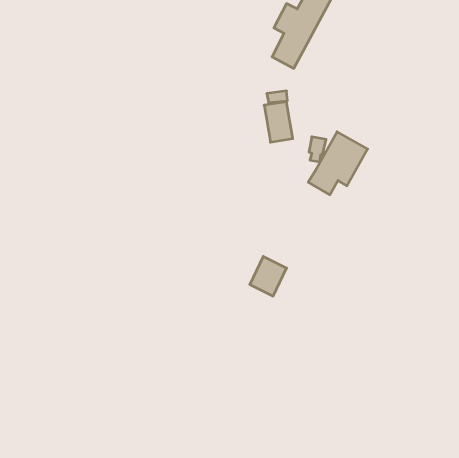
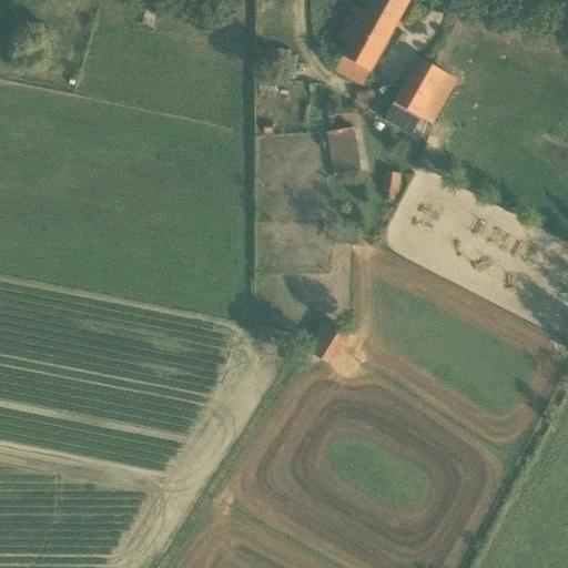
building: [308,132,368,195] -> [384,57,457,134]

